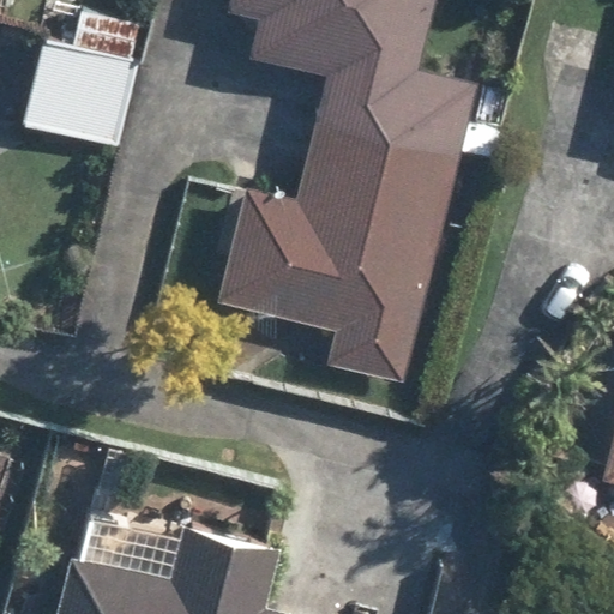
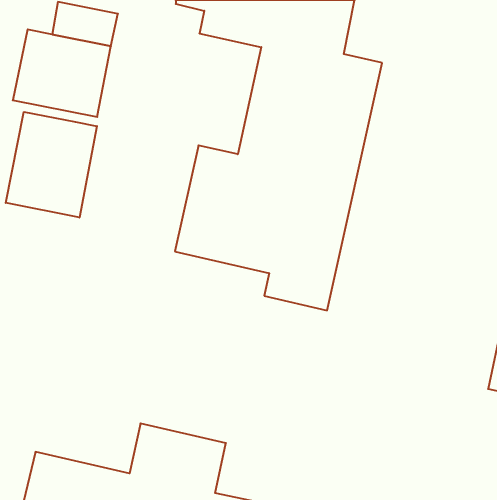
building: none -> [6,112,97,218]

